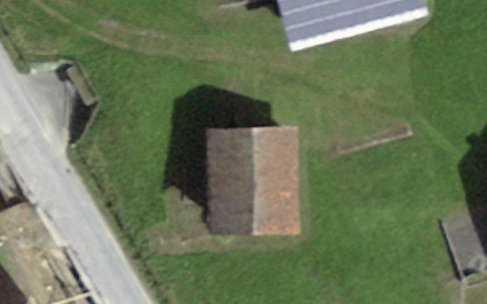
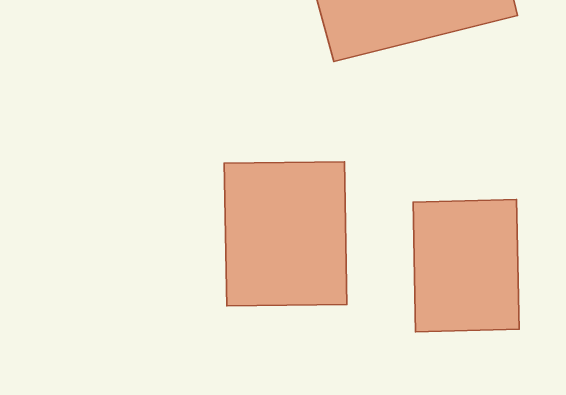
building: none -> [413,200,519,332]

